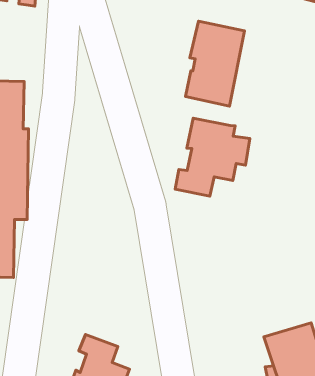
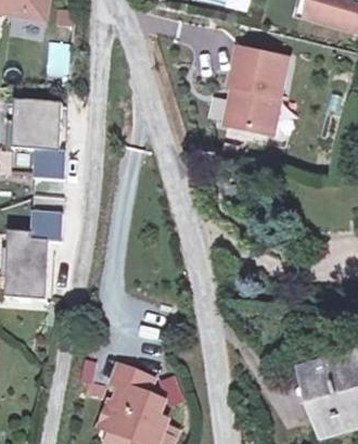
building: [175,118,250,196] -> none

